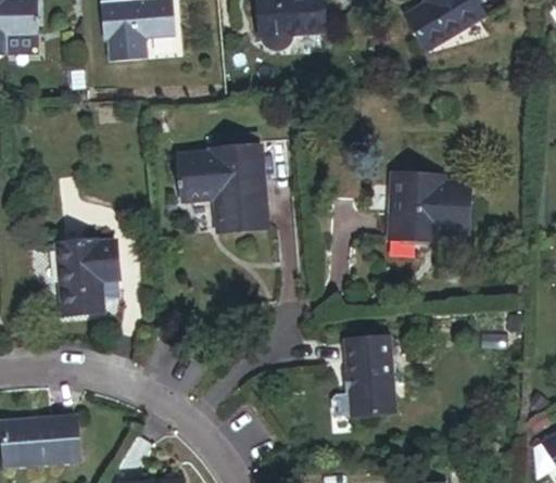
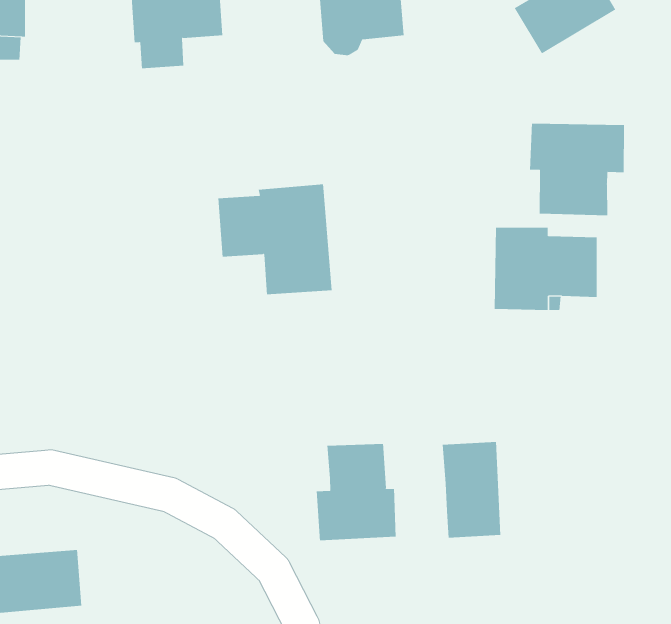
building: none -> [530,123,624,216]
building: [61,239,119,314] -> none
building: none -> [316,443,396,541]

